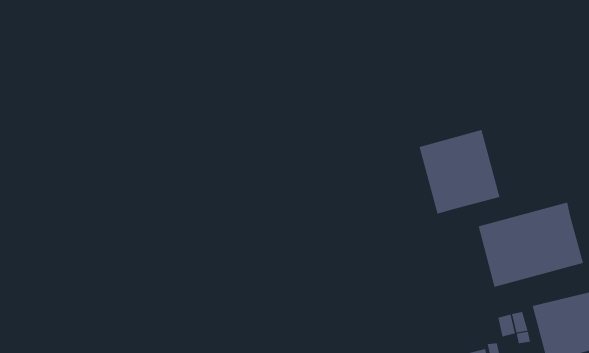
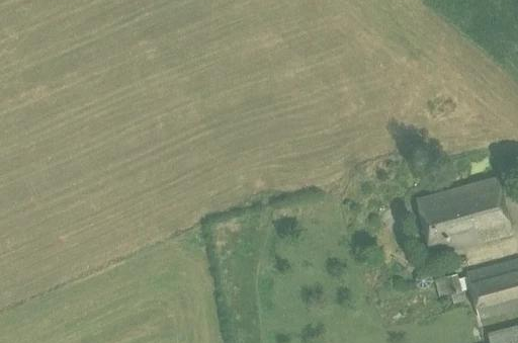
building: [419,129,500,215] -> none

